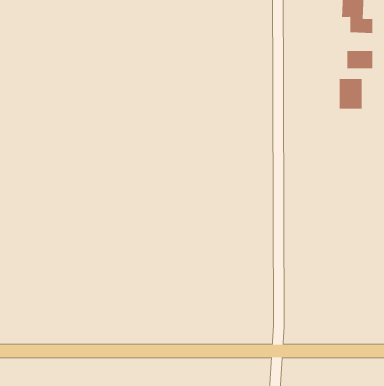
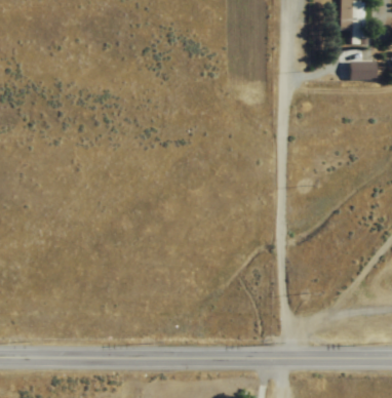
building: [339,78,362,109] -> none

